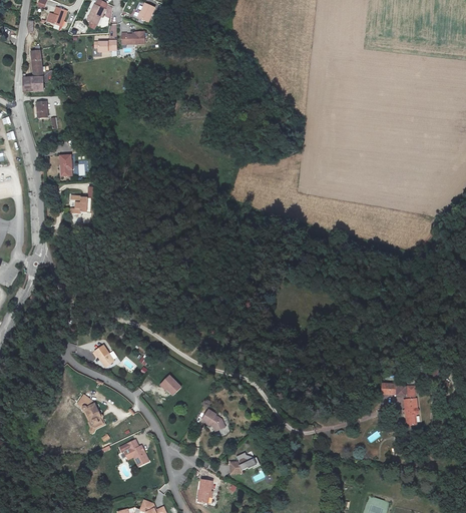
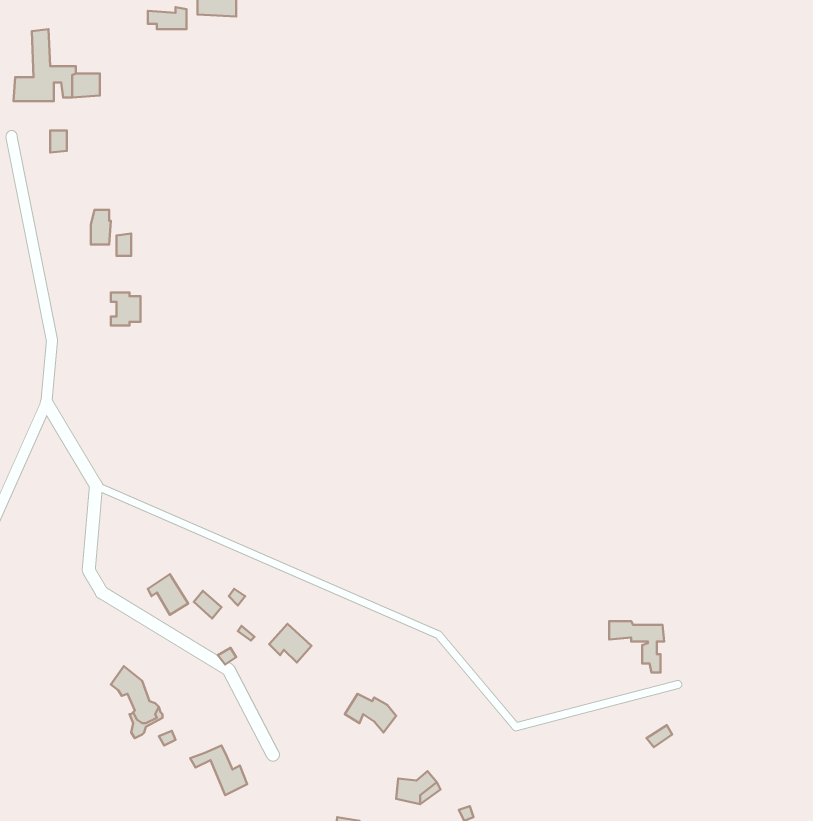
building: [384,386,414,414] -> [609,621,664,673]

